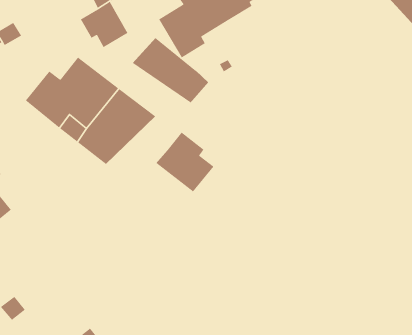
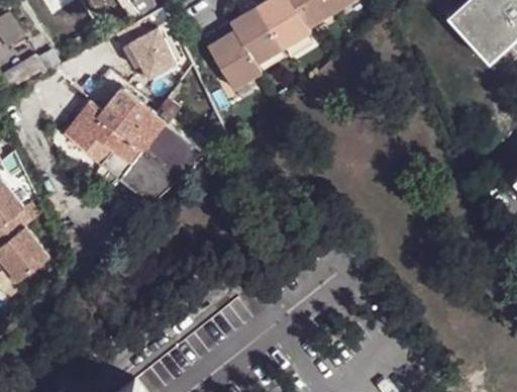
building: [132,37,209,103] -> none
building: [155,131,215,193] -> none

